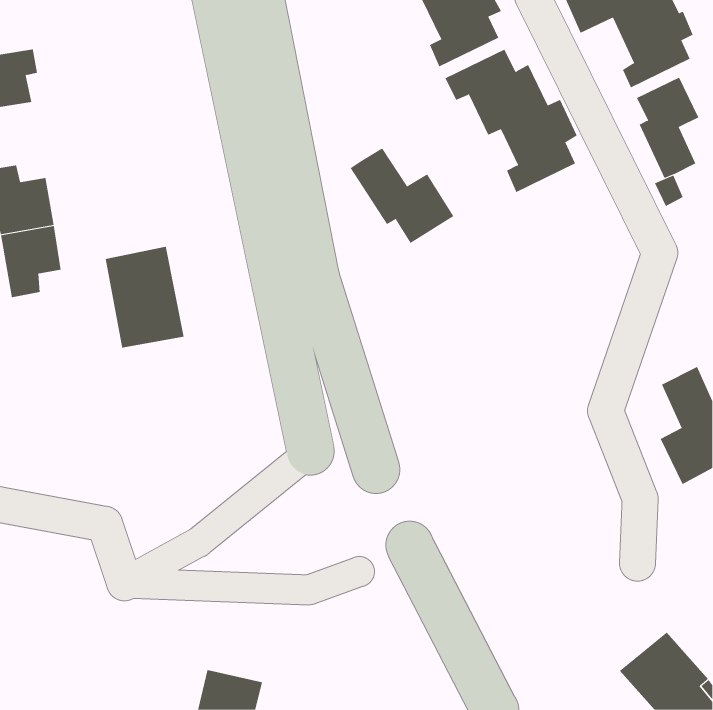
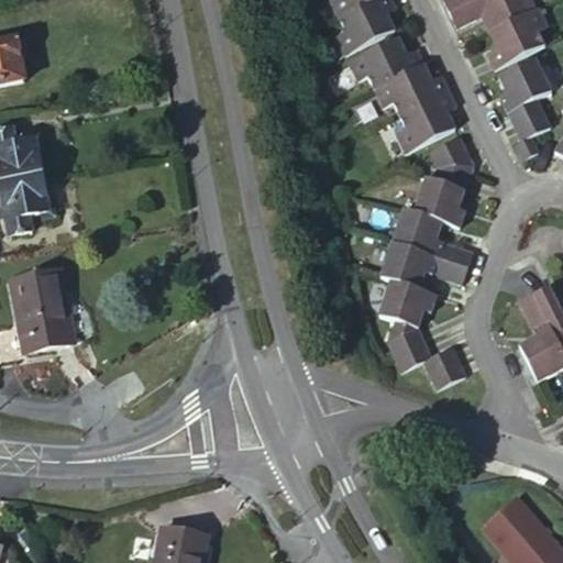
building: [350,148,454,244] -> none
building: none -> [379,137,471,389]
building: [105,246,185,348] -> [12,271,75,351]

